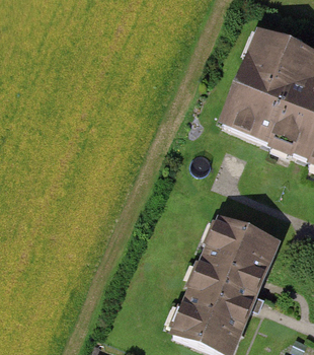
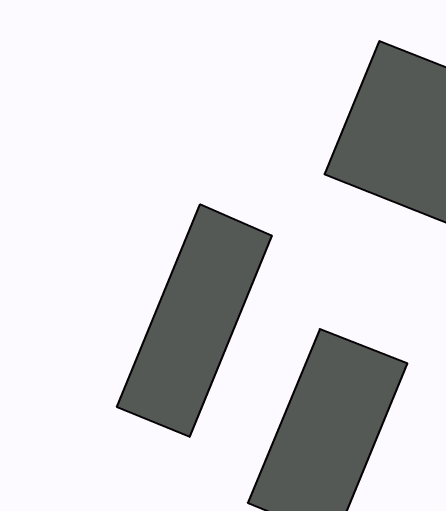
building: none -> [117,204,272,437]

